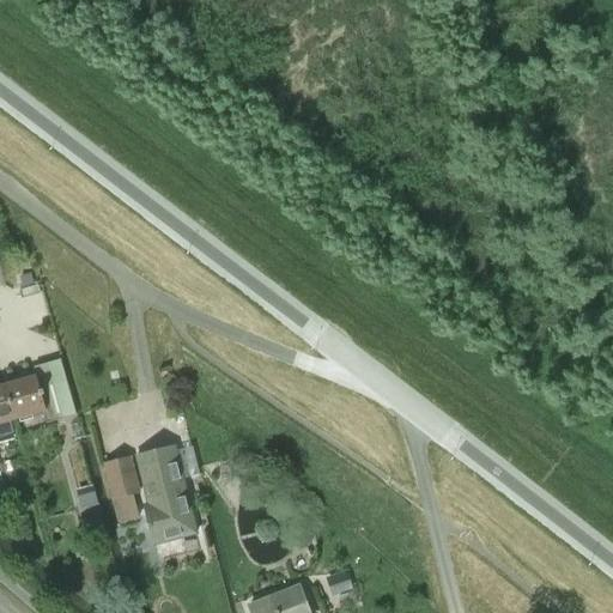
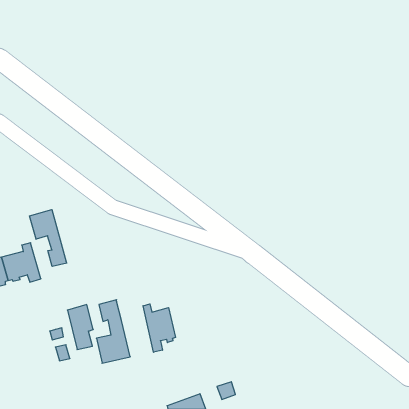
building: none -> [29,210,67,266]
building: none -> [143,304,175,352]

